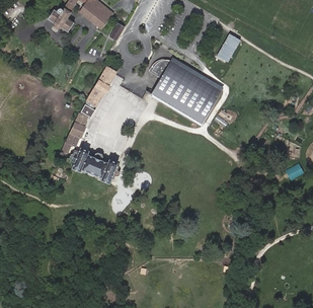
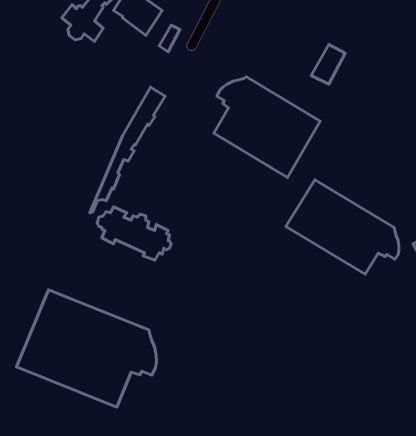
building: none -> [286,180,399,274]
building: none -> [16,290,156,407]

